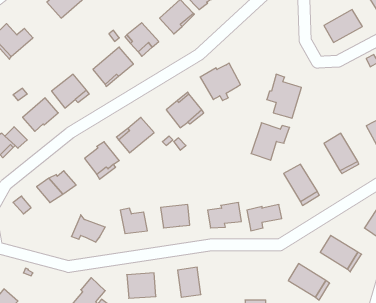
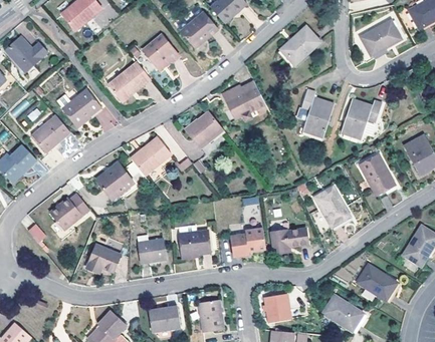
building: none -> [280,26,320,66]
building: [251,123,290,160] -> [342,99,383,139]
building: none -> [267,296,291,323]

